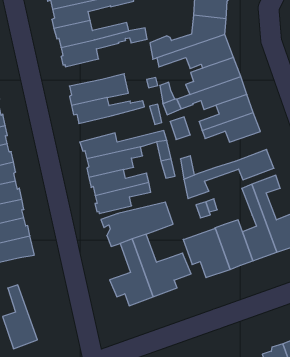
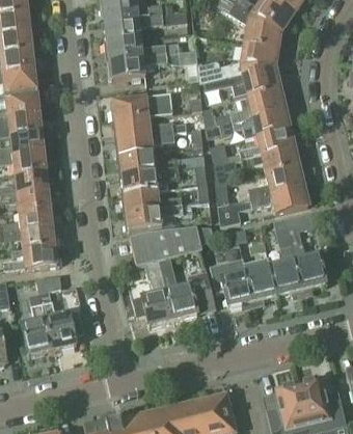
building: none -> [116,131,174,157]
building: none -> [248,166,303,197]
building: none -> [35,275,77,350]

